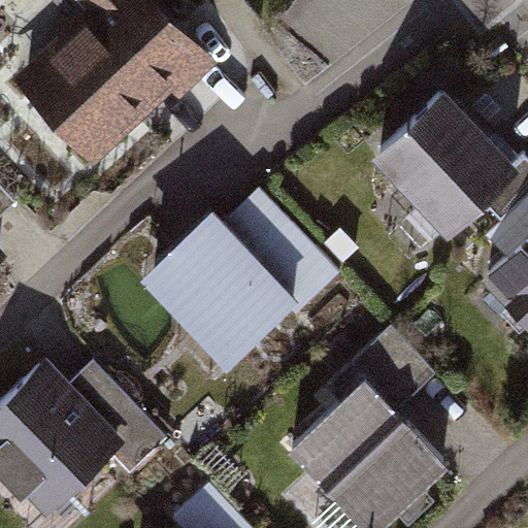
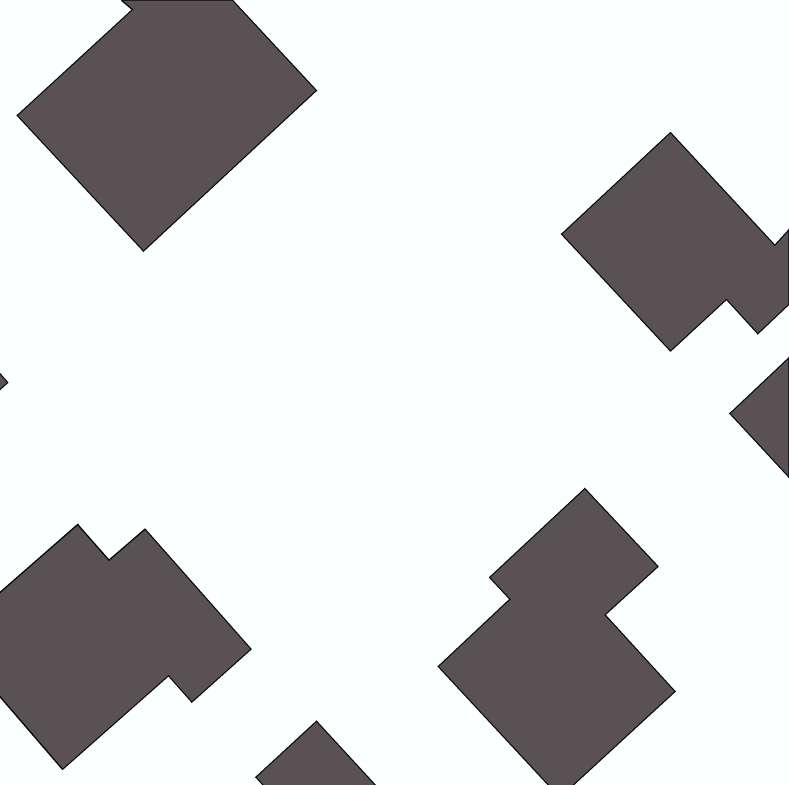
building: [138,188,349,373] -> none

